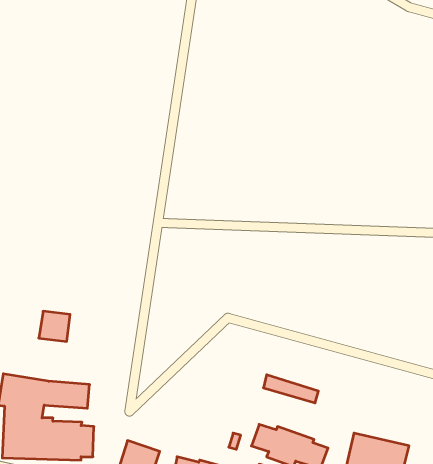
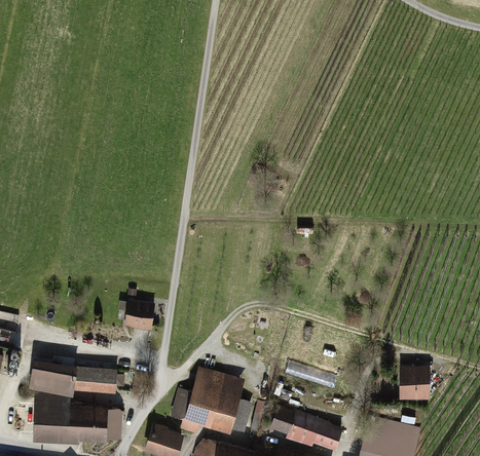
building: [39,311,70,341] -> [123,302,153,331]
building: none -> [398,367,429,398]
building: none -> [170,369,252,434]

